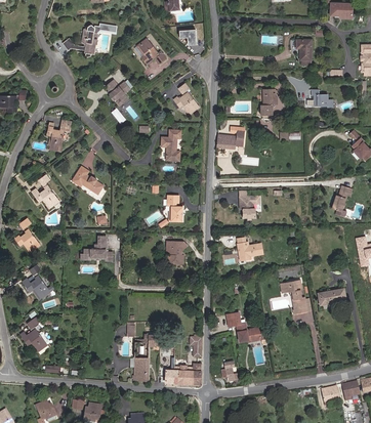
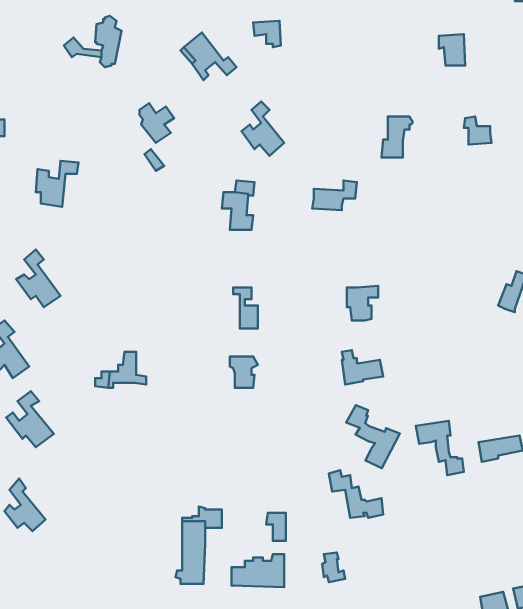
building: [71,164,104,193] -> none
building: none -> [346,405,400,468]

